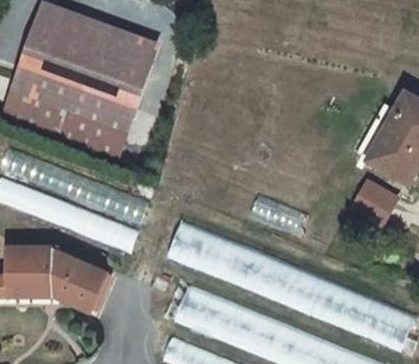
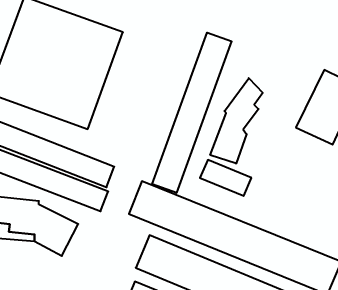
building: none -> [152,33,232,193]
building: none -> [210,78,263,164]
building: [354,180,397,221] -> none

